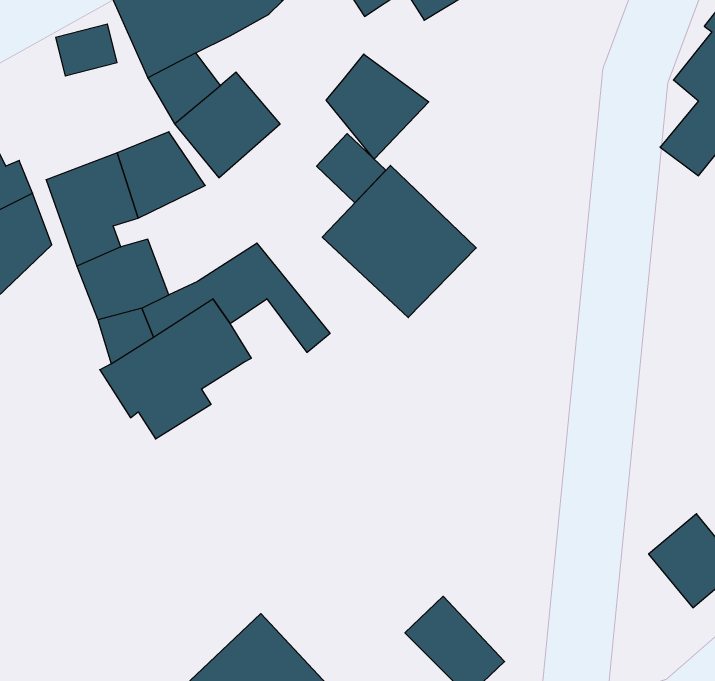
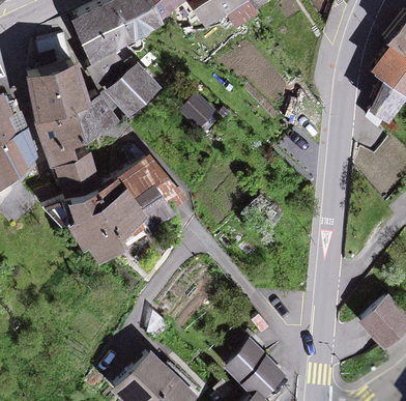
building: [326,54,429,159] -> none
building: none -> [22,56,88,117]
building: [322,165,476,318] -> none
building: none -> [134,181,175,230]

